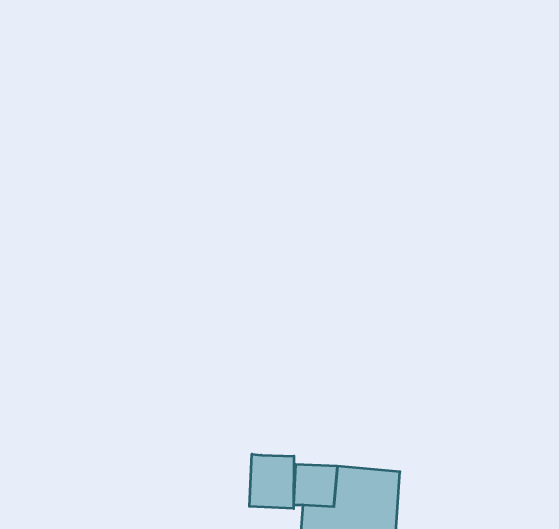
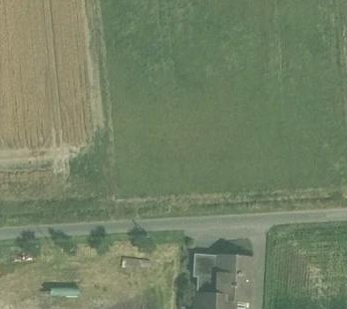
building: [249,454,294,509] -> none

